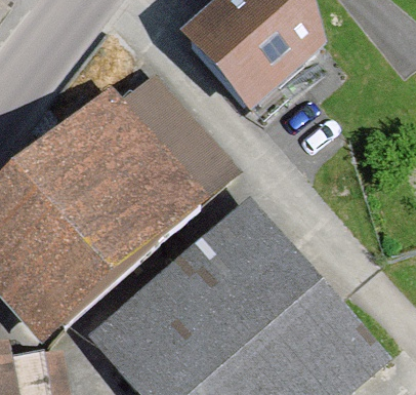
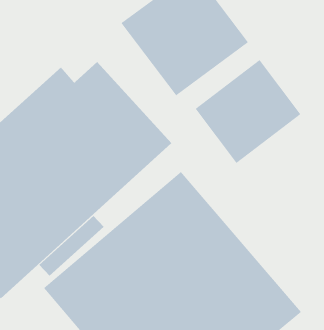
building: none -> [195,59,301,164]

